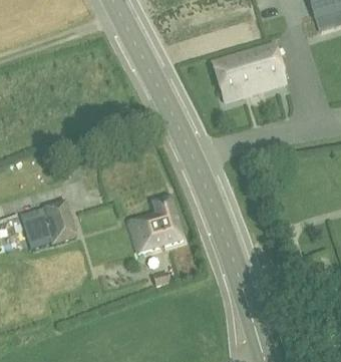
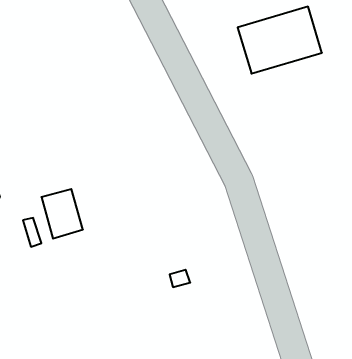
building: [128,197,183,253] -> none

